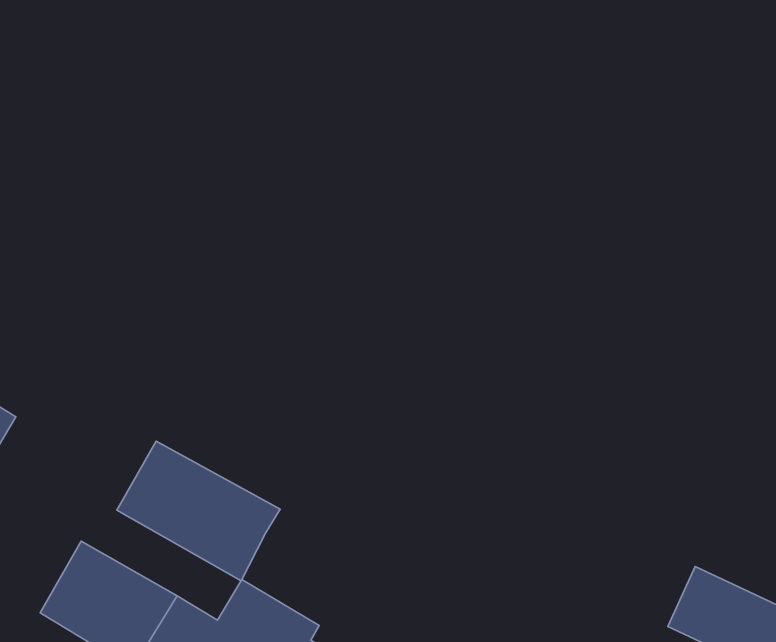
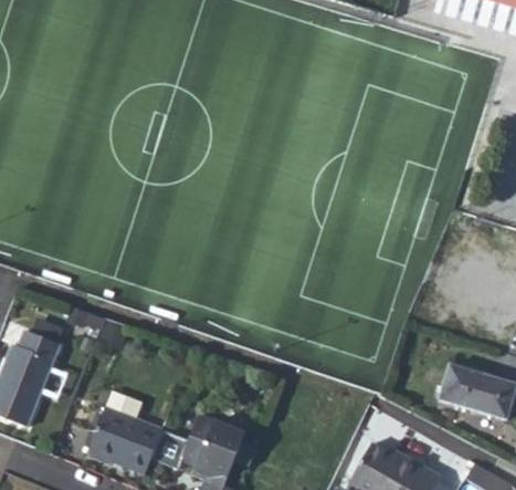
building: [117,441,280,581] -> none

